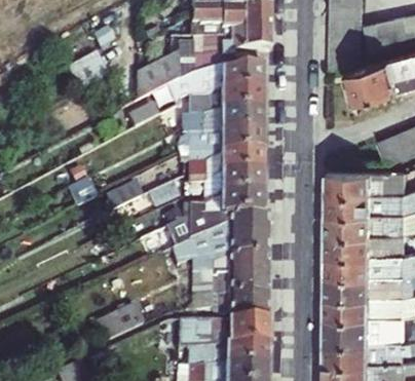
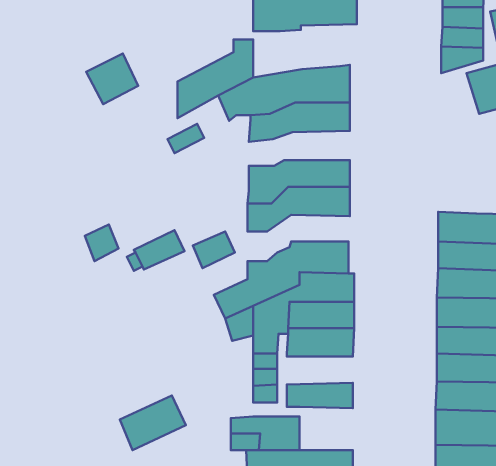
building: [193,34,269,73] -> none
building: [190,112,264,138] -> none
building: [189,174,264,207] -> none
building: [218,277,266,298] -> none
building: [227,321,266,346] -> none

